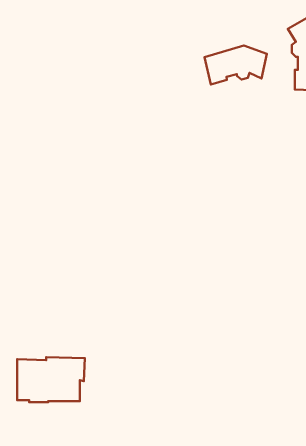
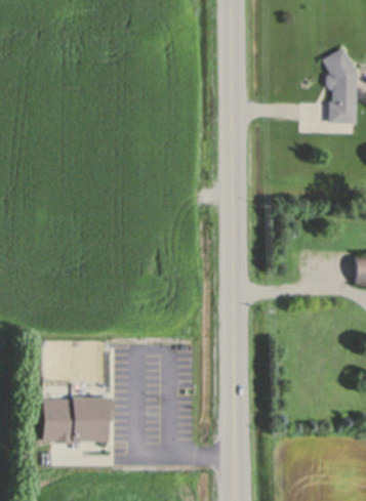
building: [204,45,267,84] -> none

